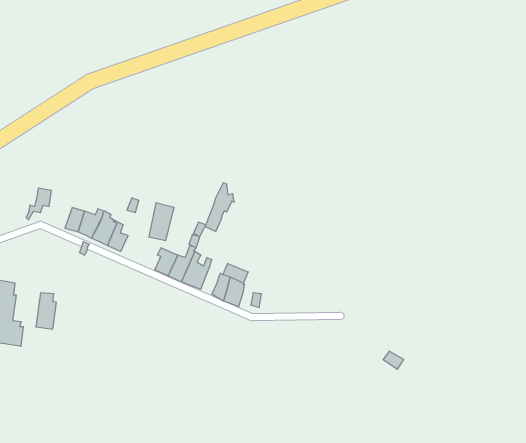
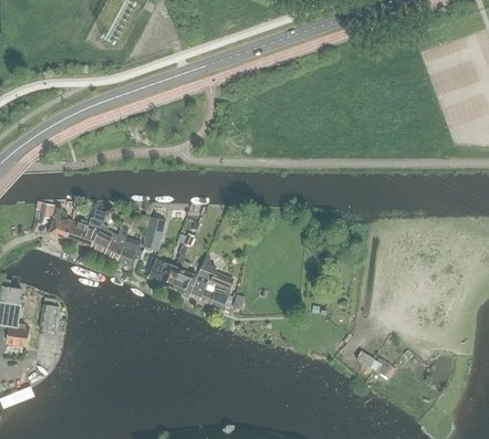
building: [205,183,234,231] -> [190,255,217,300]
building: none -> [49,210,73,240]
building: none -> [117,227,143,268]

